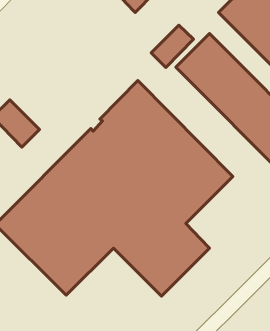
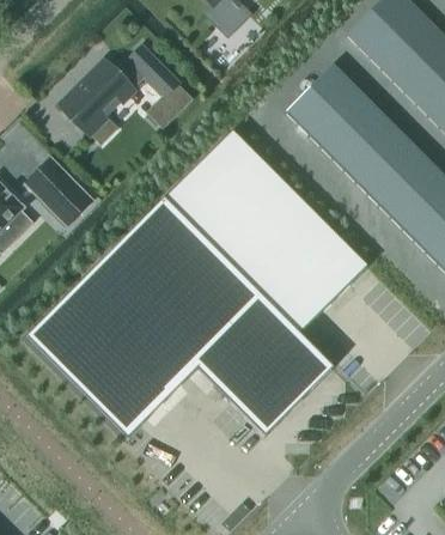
building: none -> [62,44,185,133]
building: [151,25,194,67] -> none

